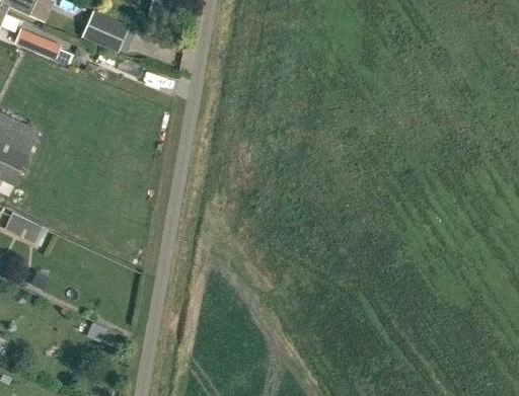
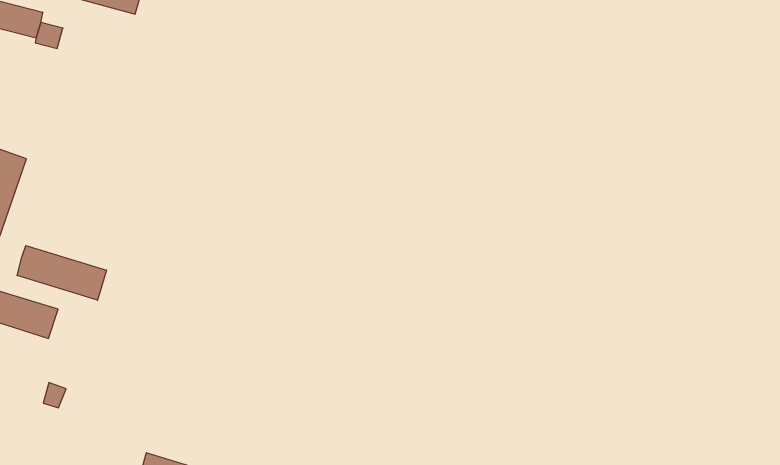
building: none -> [17,246,106,300]

